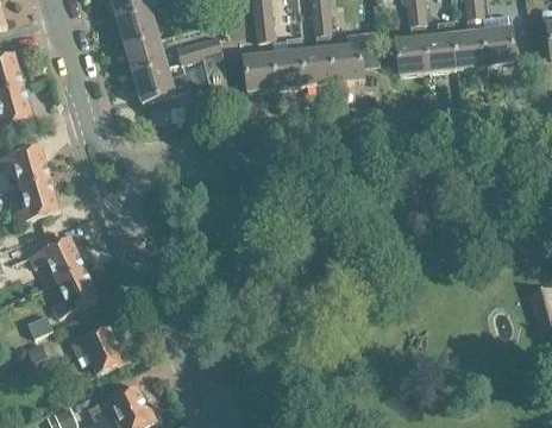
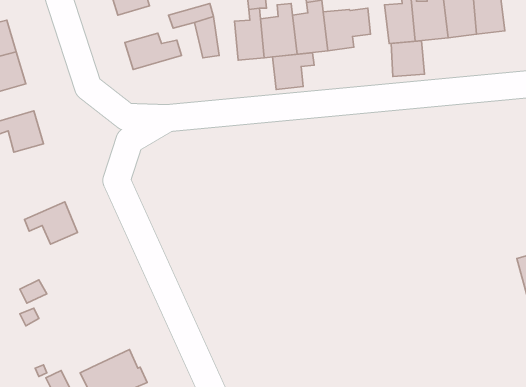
building: [125,37,165,74] -> none
building: none -> [391,41,425,77]
building: none -> [272,53,314,89]
building: [12,176,59,220] -> none
building: [54,265,99,314] -> none
building: [71,323,127,371] -> none

